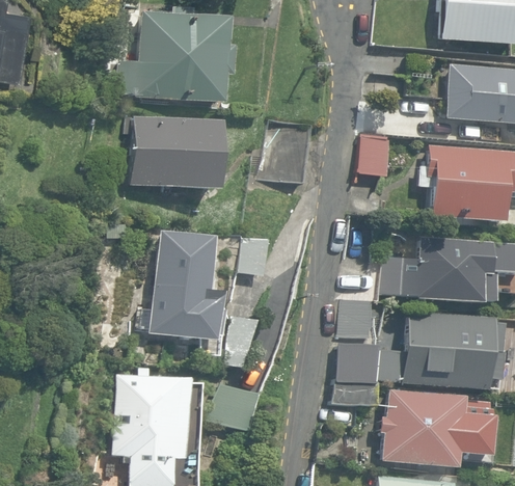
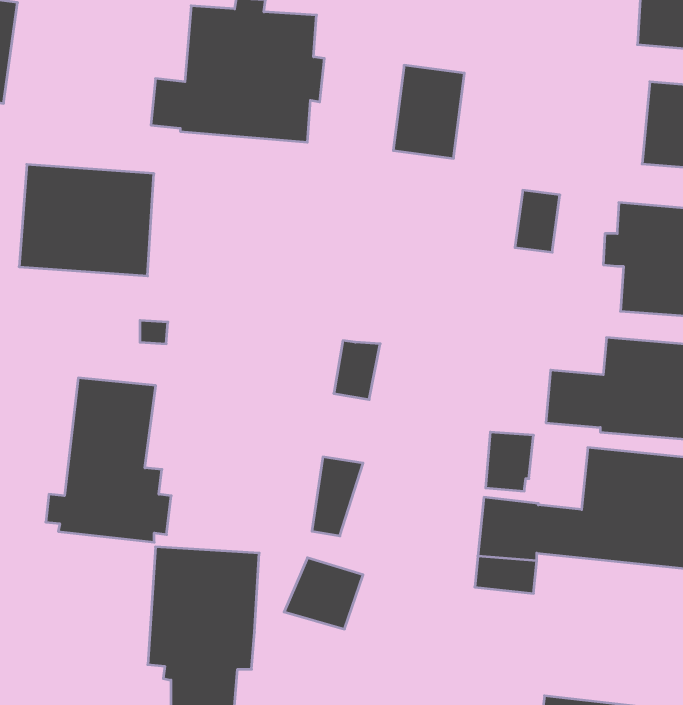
building: [130,116,220,191] -> [19,164,154,276]
building: [265,120,313,183] -> [393,65,464,158]
building: [140,232,224,342] -> [46,378,171,542]
building: [382,389,468,468] -> none

